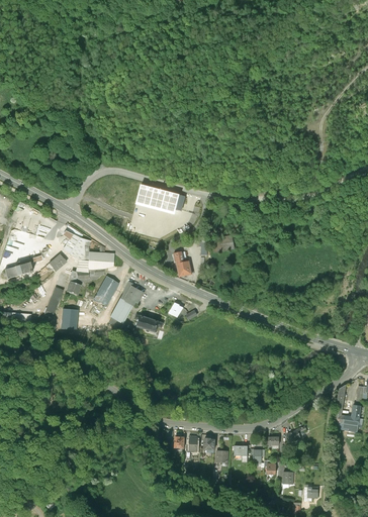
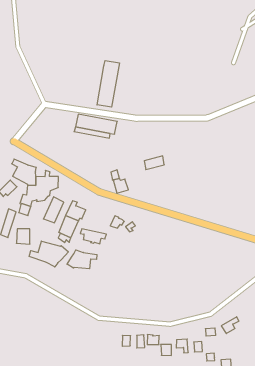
building: none -> [97,61,119,107]
building: none -> [29,241,68,267]
building: none -> [67,250,97,269]

